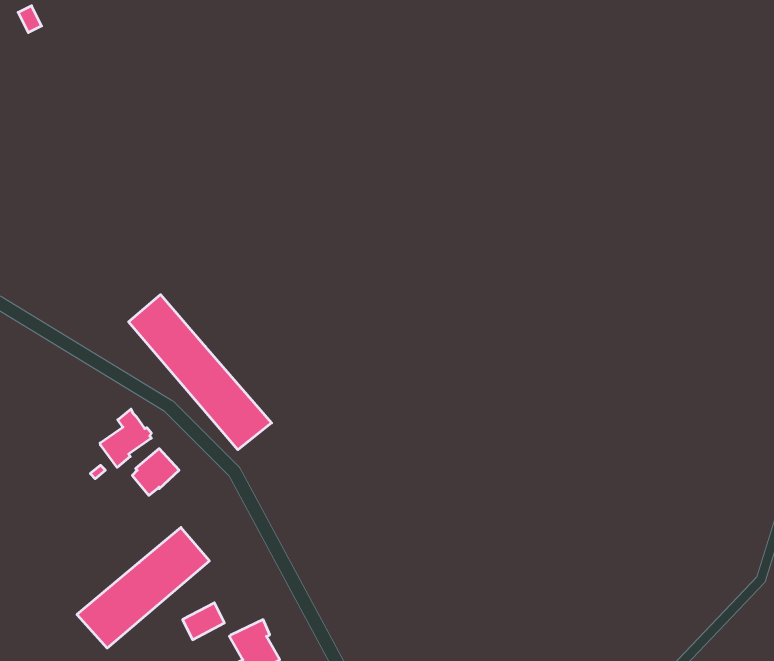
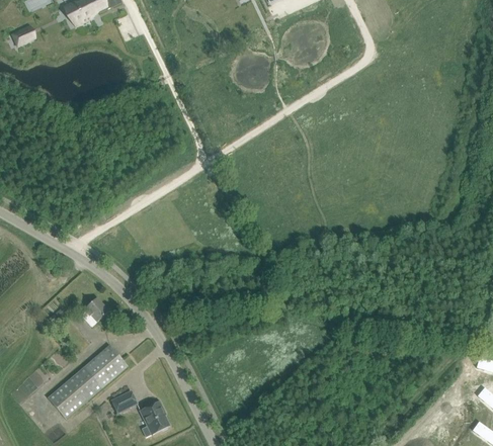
building: [129,295,272,450] -> none
building: [100,409,151,467] -> none

